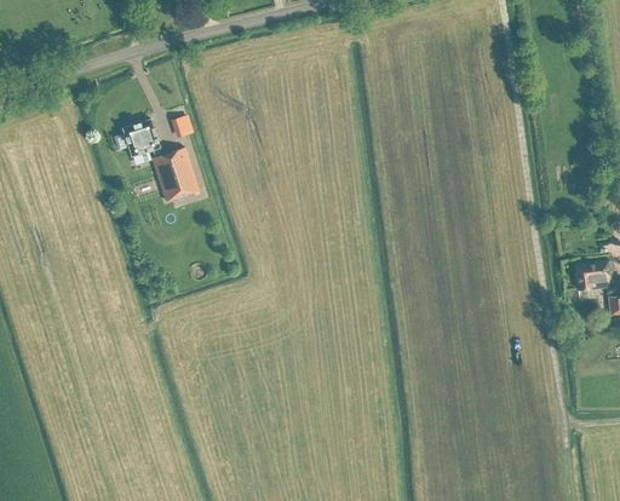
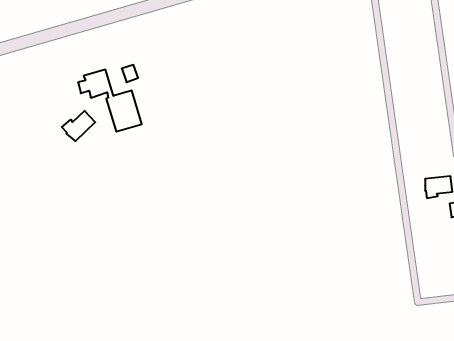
building: none -> [62,111,95,141]

